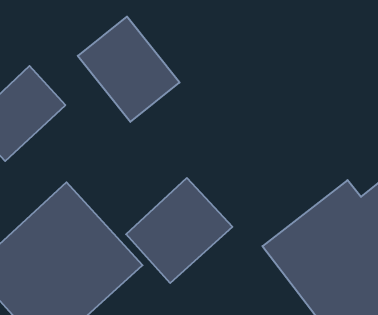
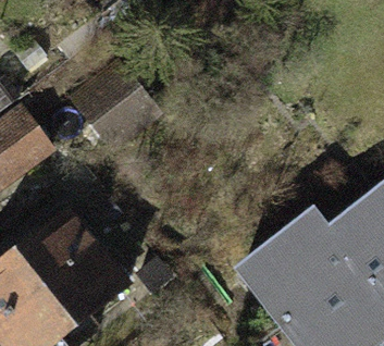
building: [126,178,232,283] -> none

